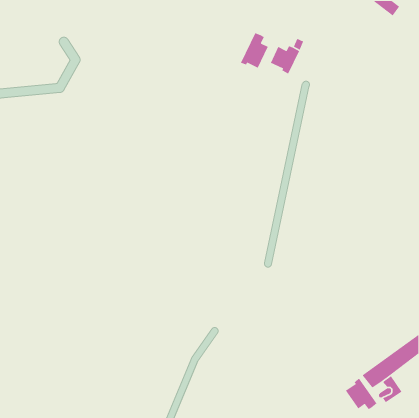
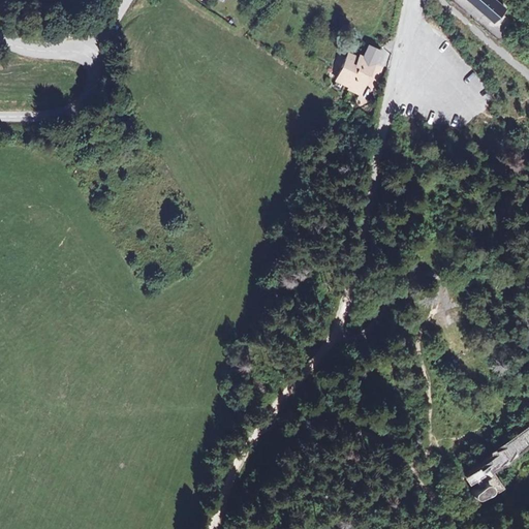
building: [240,32,269,69] -> none
building: [345,377,377,410] -> none

